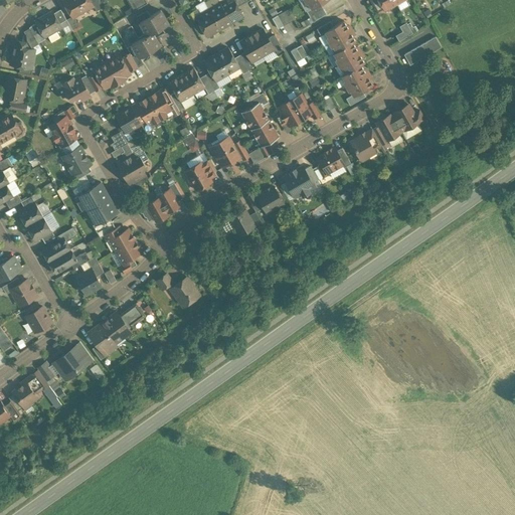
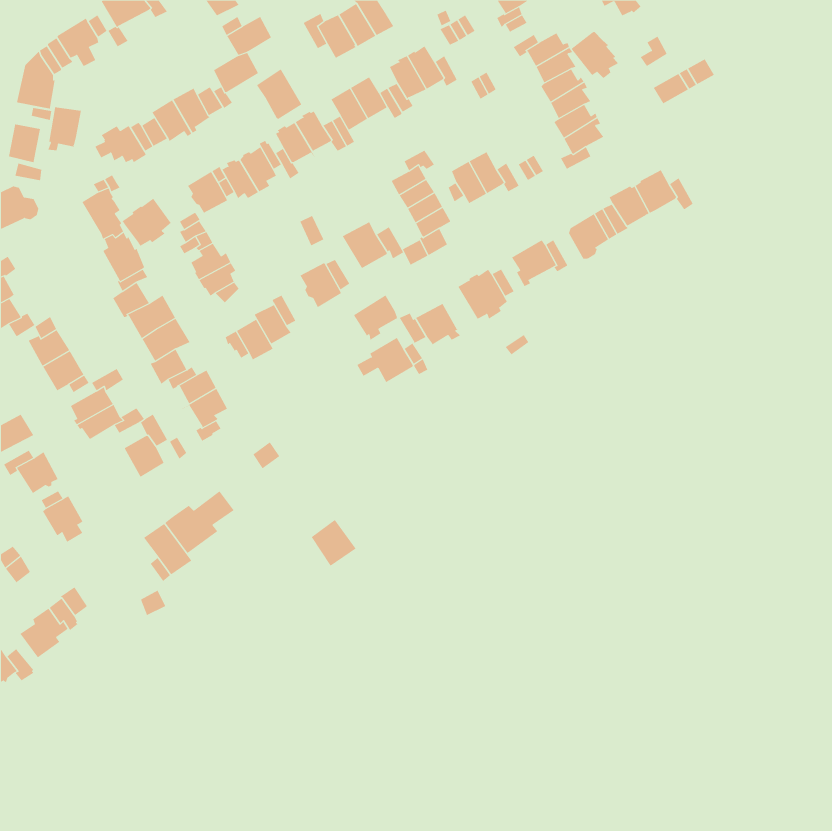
building: none -> [571,31,619,87]
building: none -> [256,68,302,120]
building: none -> [47,107,82,151]
building: none -> [122,198,172,246]
building: none -> [353,295,399,341]
building: [171,278,199,307] -> [311,519,356,566]
building: [54,344,90,379] -> none

